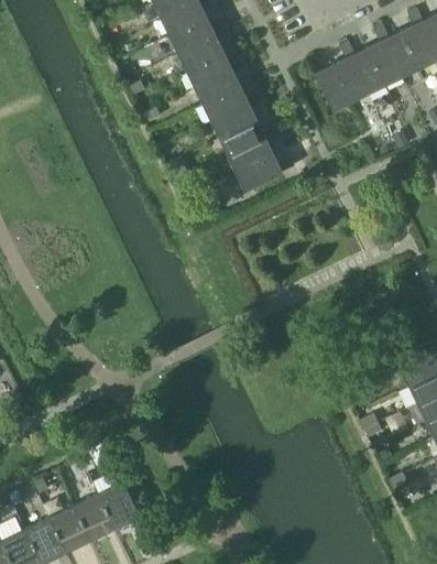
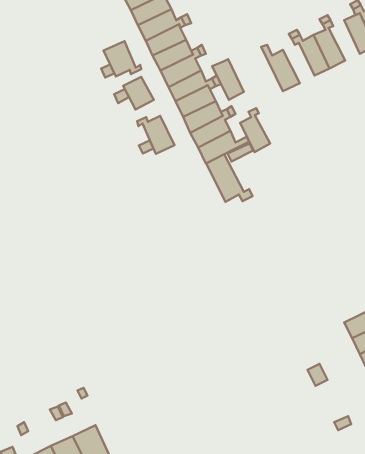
building: [382,32,417,77] -> none
building: none -> [104,41,141,76]
building: [331,57,367,102] -> [212,59,244,100]
building: none -> [123,77,154,110]
building: none -> [240,108,270,152]
building: none -> [137,116,174,154]
building: none -> [206,154,253,202]

